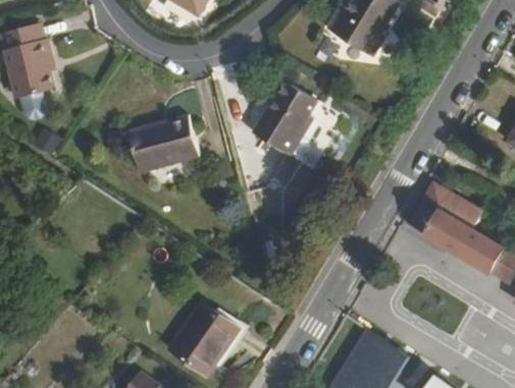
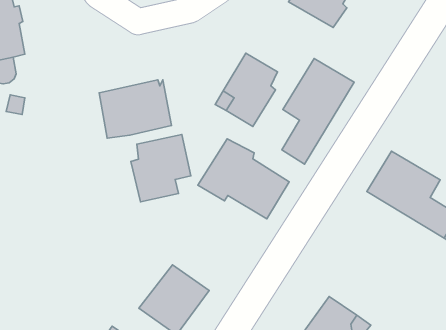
building: none -> [282,58,354,164]
building: none -> [131,135,191,202]
building: none -> [198,139,289,219]

